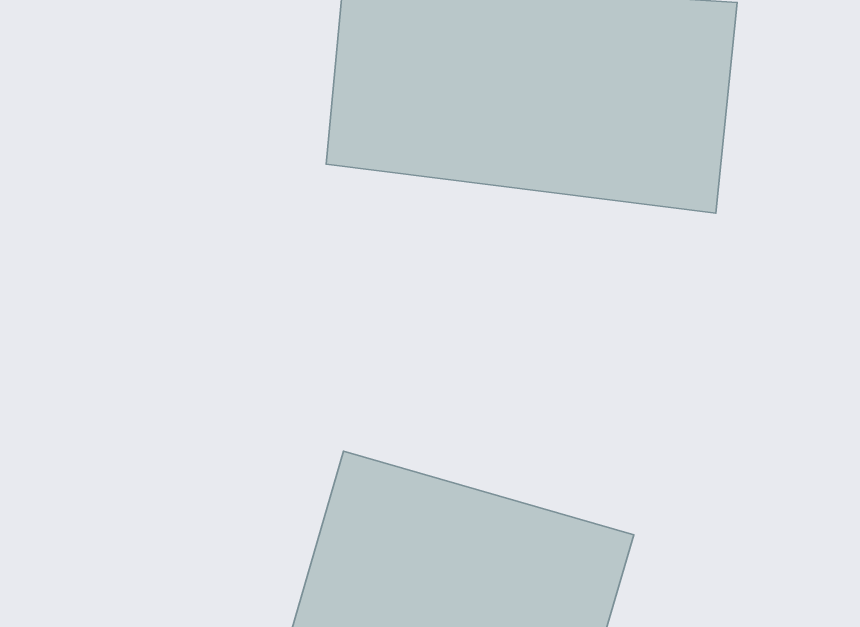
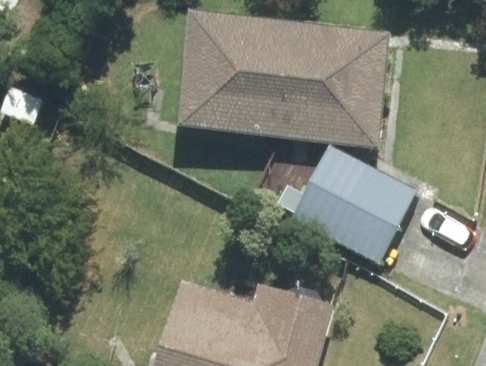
building: none -> [292,145,414,259]

